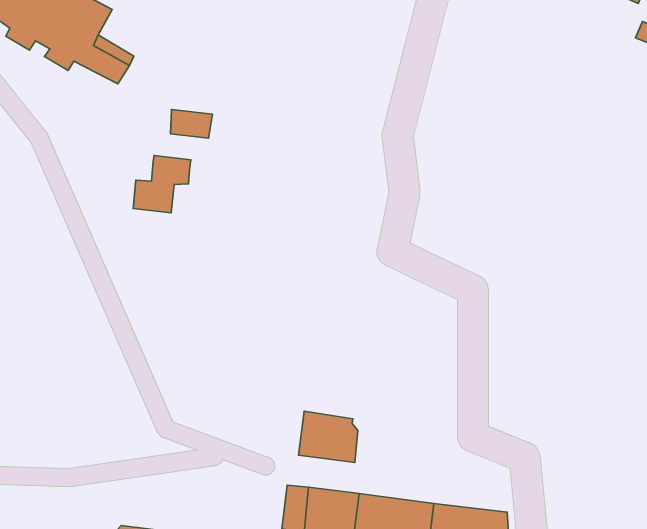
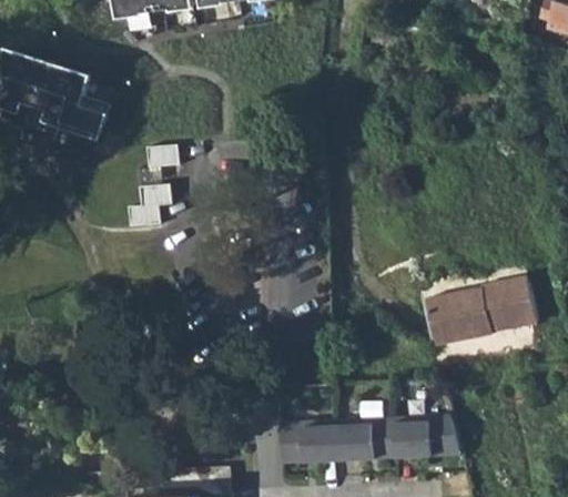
building: none -> [419,273,531,345]
building: [299,411,358,462] -> none

